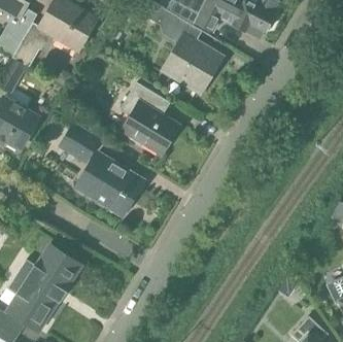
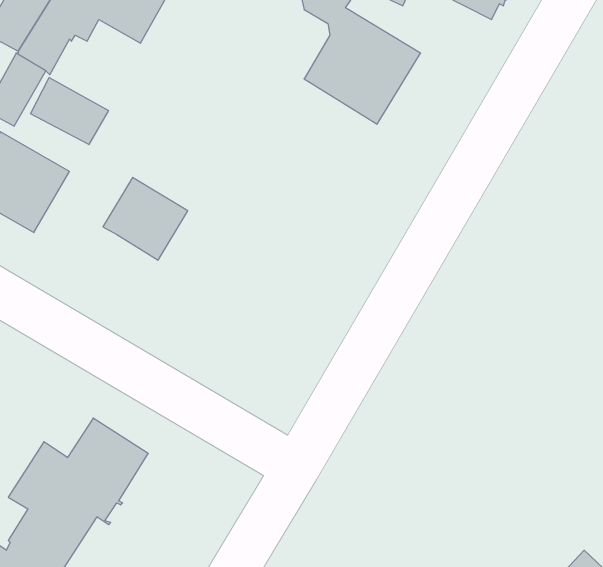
building: none -> [31,78,108,145]
building: [121,82,176,153] -> none
building: [77,152,143,214] -> none

